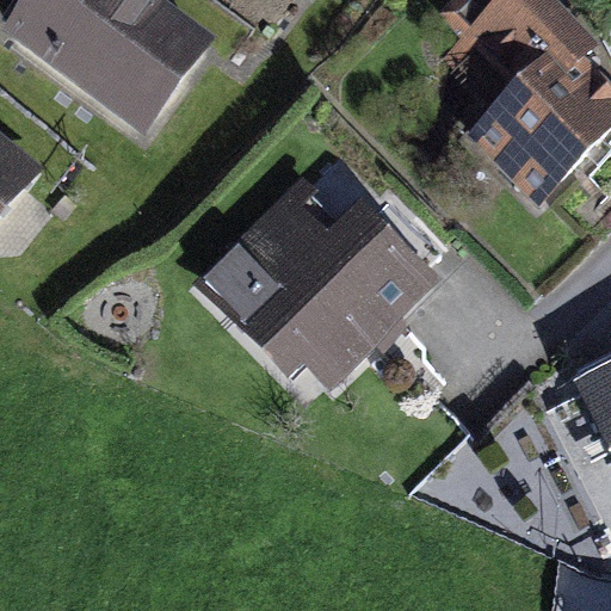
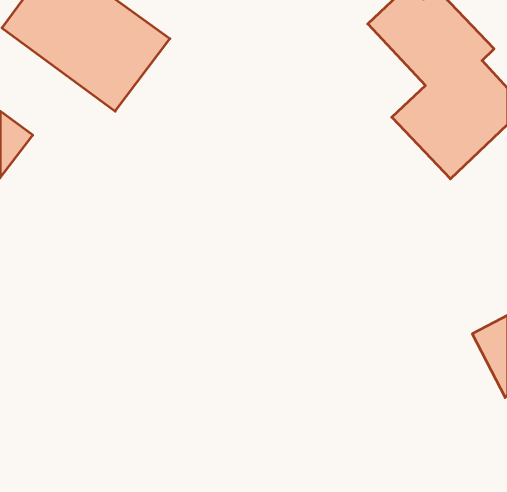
building: [210,205,428,396] -> none

